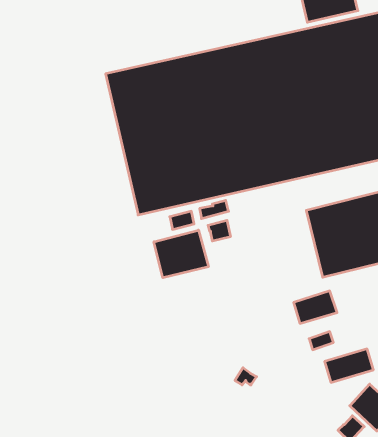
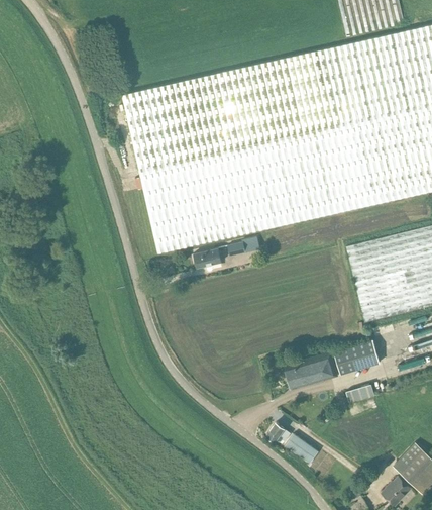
building: [208,220,230,241] -> none
building: [154,230,208,278] -> none
building: [325,349,373,382] -> [284,352,338,390]
building: none -> [285,434,318,464]

